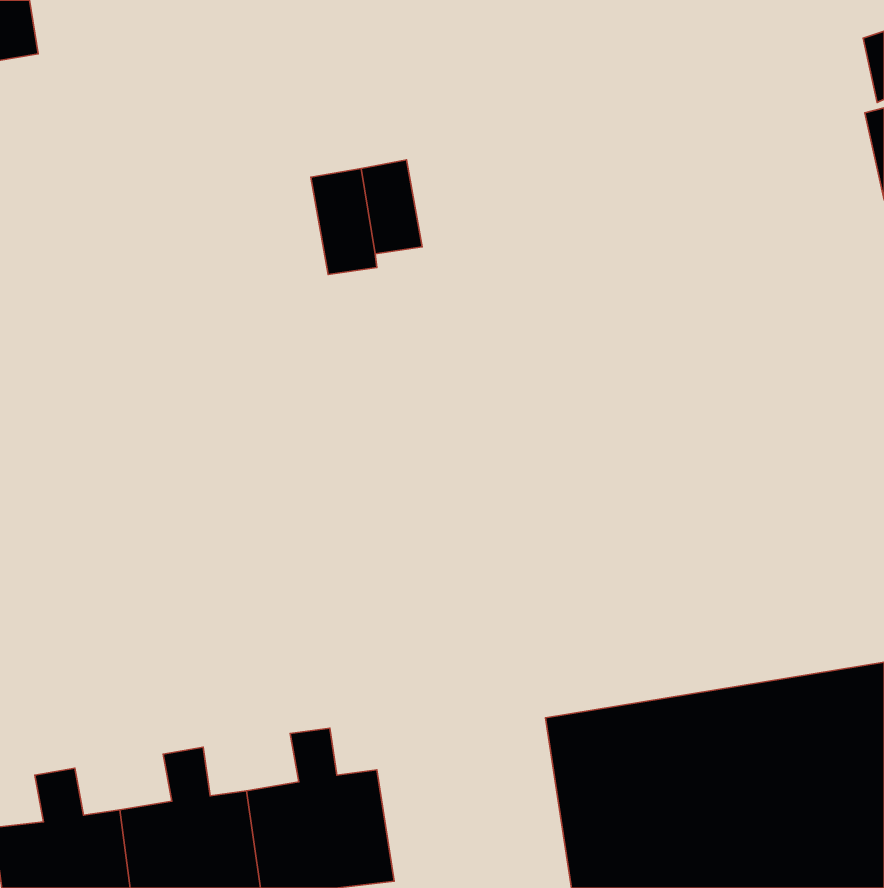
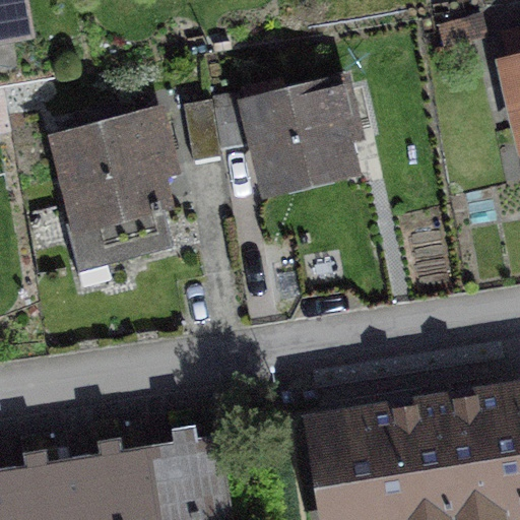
building: none -> [250,85,354,185]
building: none -> [61,111,170,284]

